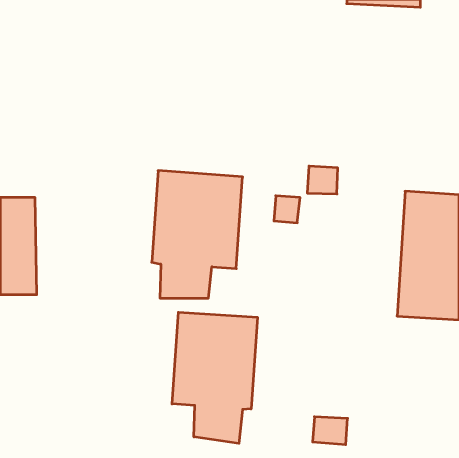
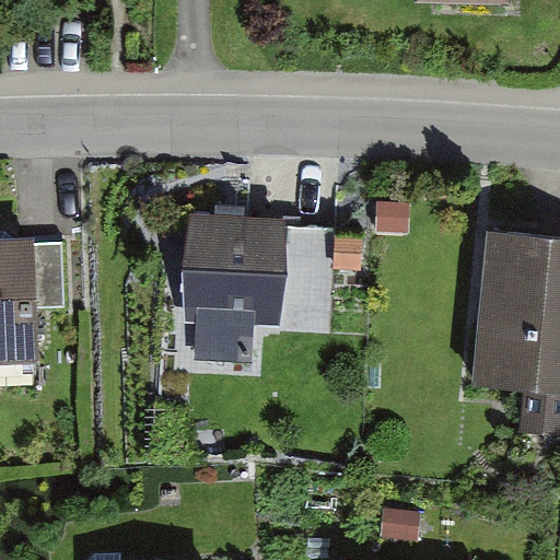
building: [172,312,257,443] -> none

